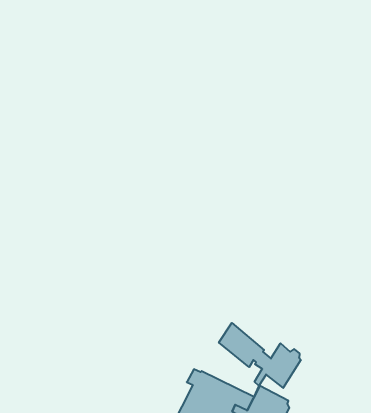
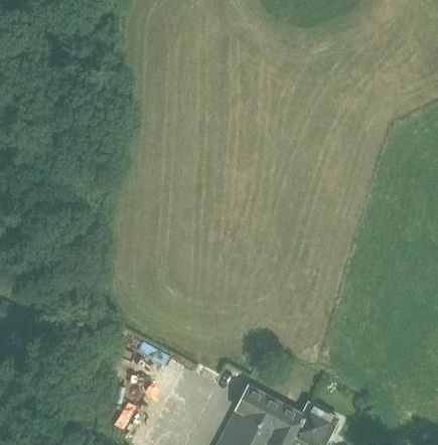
building: [219,323,301,388] -> none

